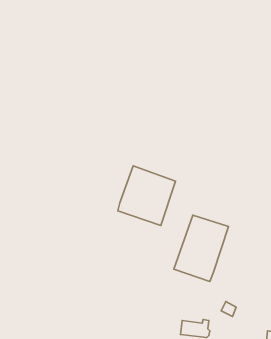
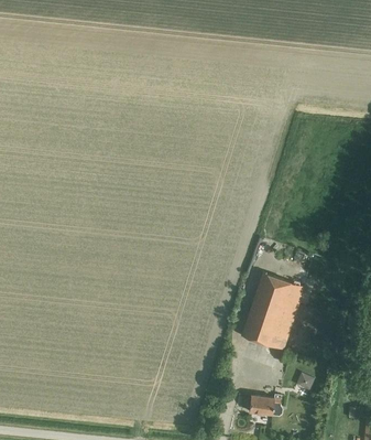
building: [118,166,176,226] -> none

